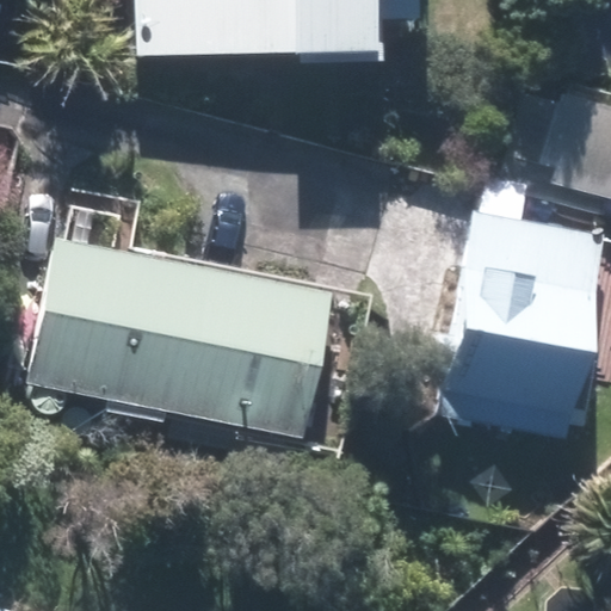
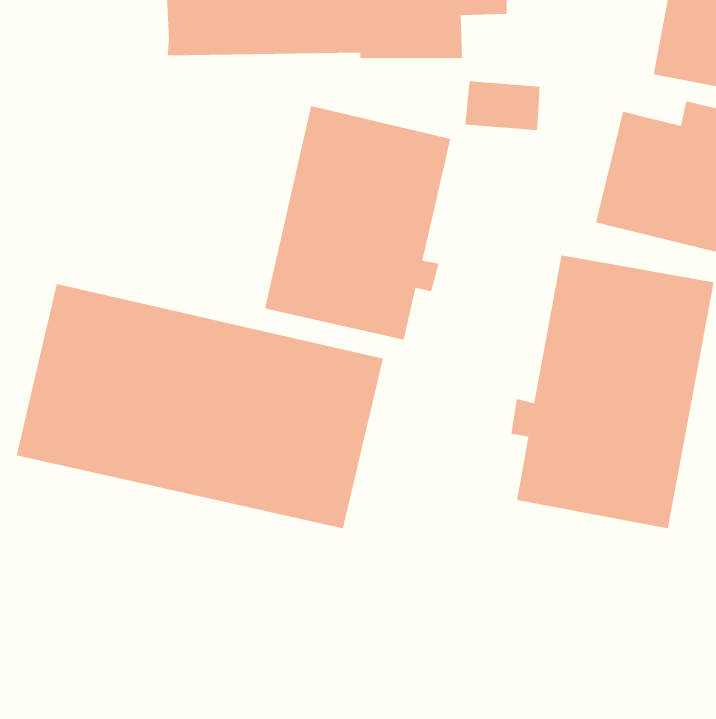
building: none -> [264,105,451,340]

